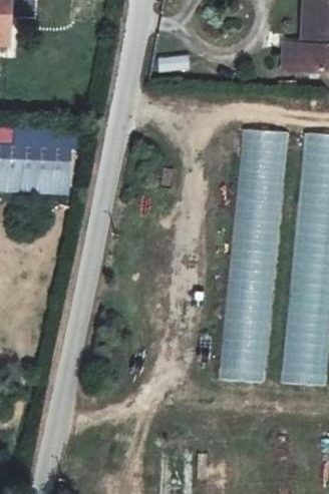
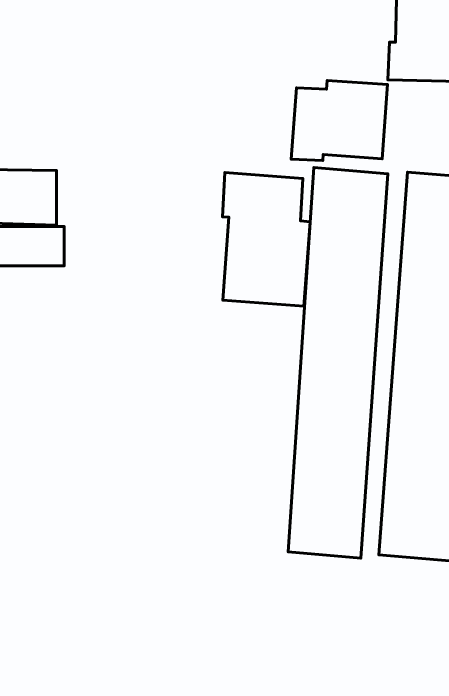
building: none -> [291,80,387,161]
building: none -> [222,173,310,306]

